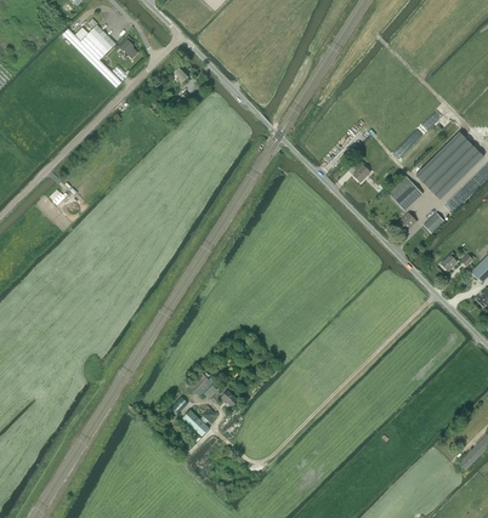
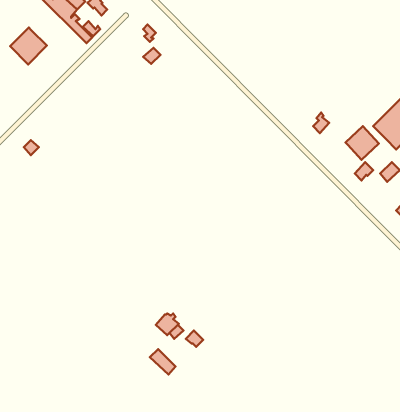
building: none -> [10,28,47,64]

